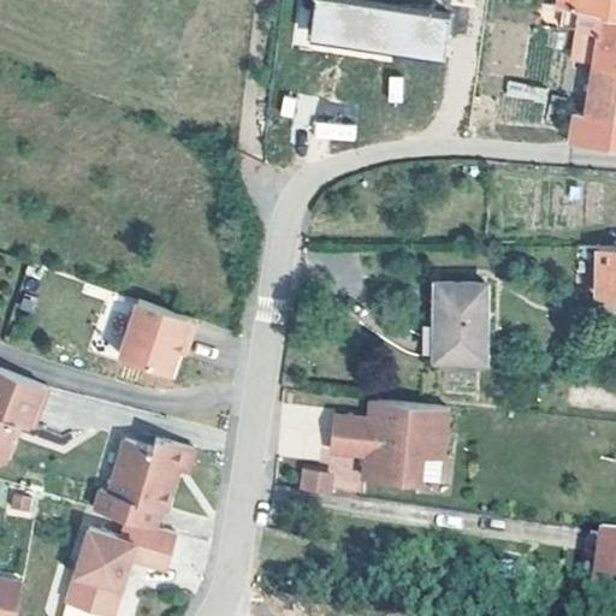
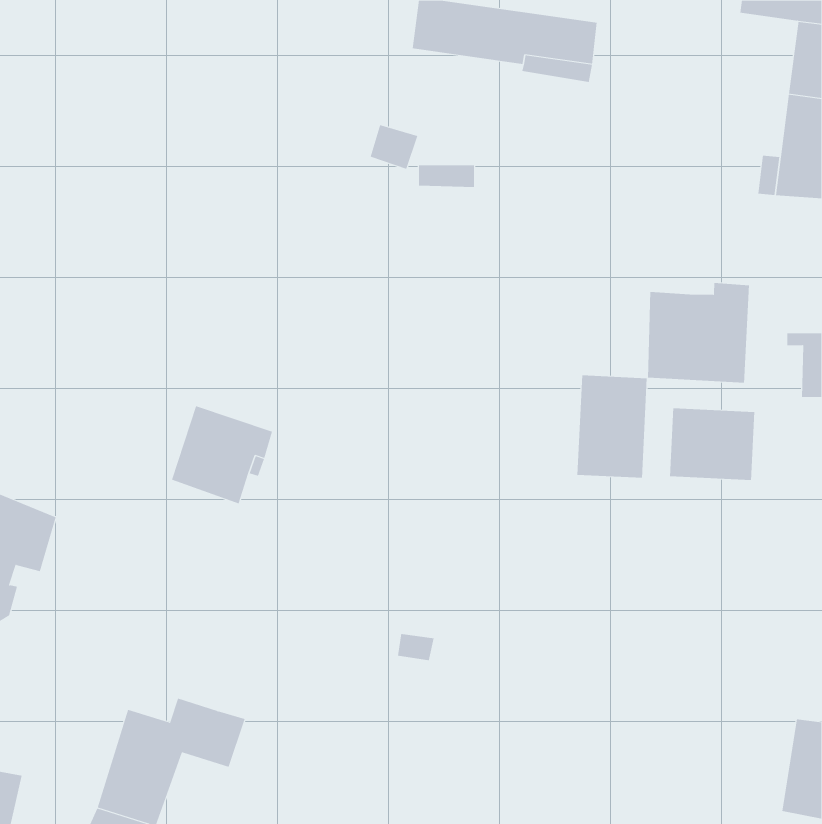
building: none -> [648,282,749,383]
building: none -> [669,408,755,481]
building: [326,399,445,486] -> none
building: [101,440,202,531] -> none

